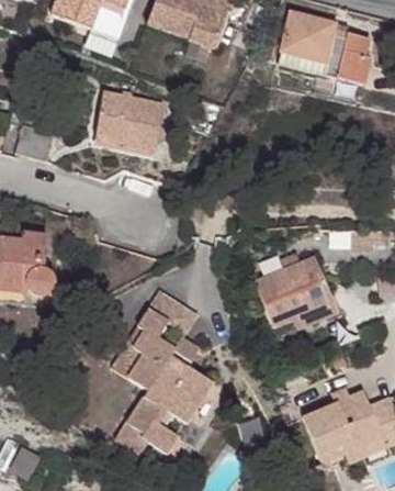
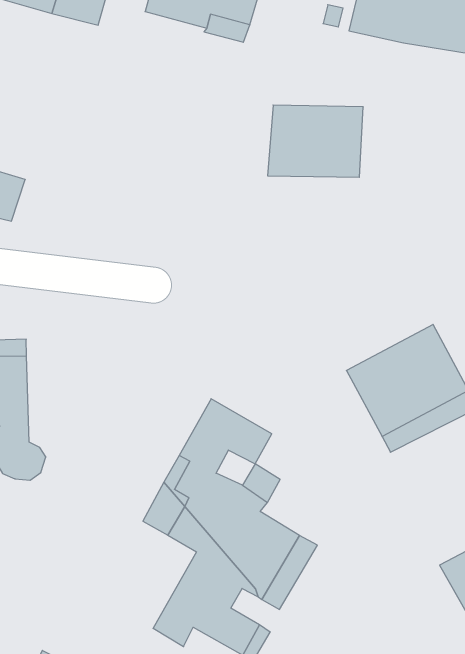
building: [95,86,163,140] -> [268,105,363,177]

